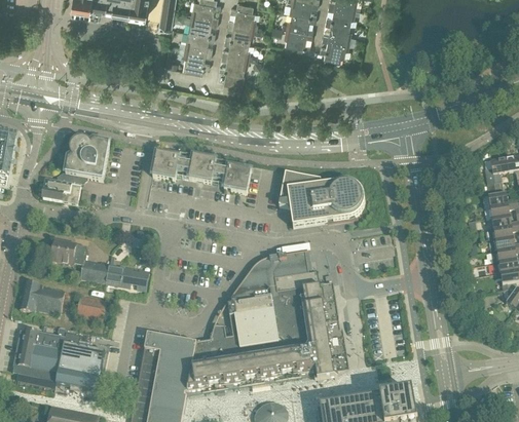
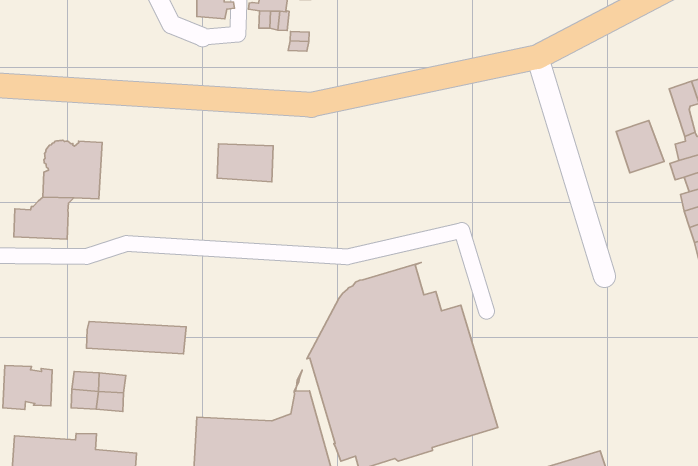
building: [152,150,186,180] -> none
building: [218,160,251,193] -> none
building: [279,171,364,226] -> none
building: none -> [616,120,664,173]
building: [50,239,86,265] -> none

